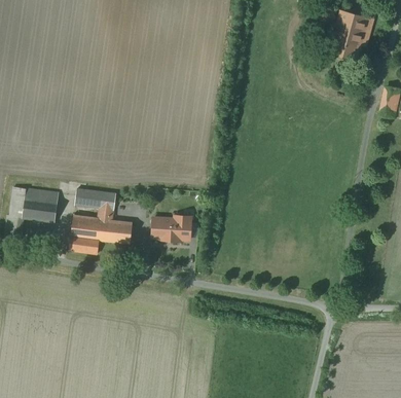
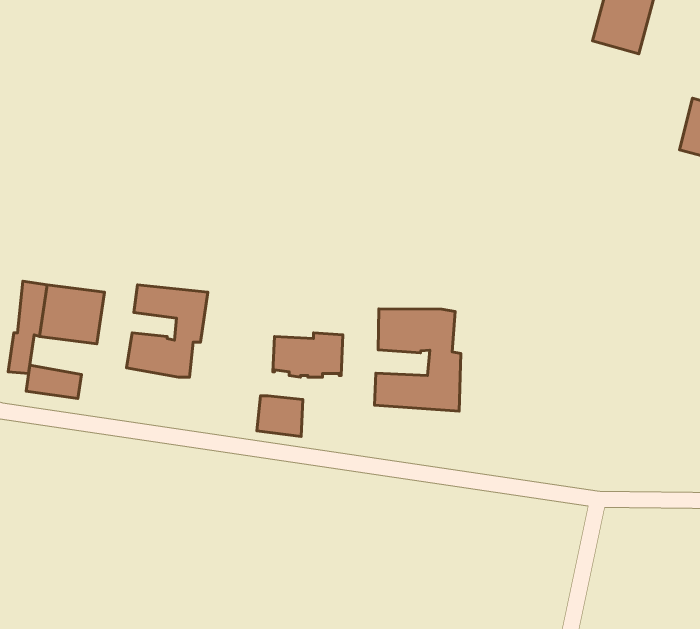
building: none -> [375,309,461,411]
building: [107,220,133,243] -> [257,396,303,436]
building: [70,234,101,253] -> [26,365,81,399]

